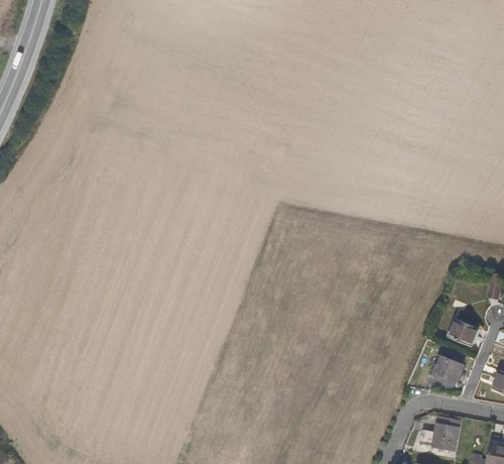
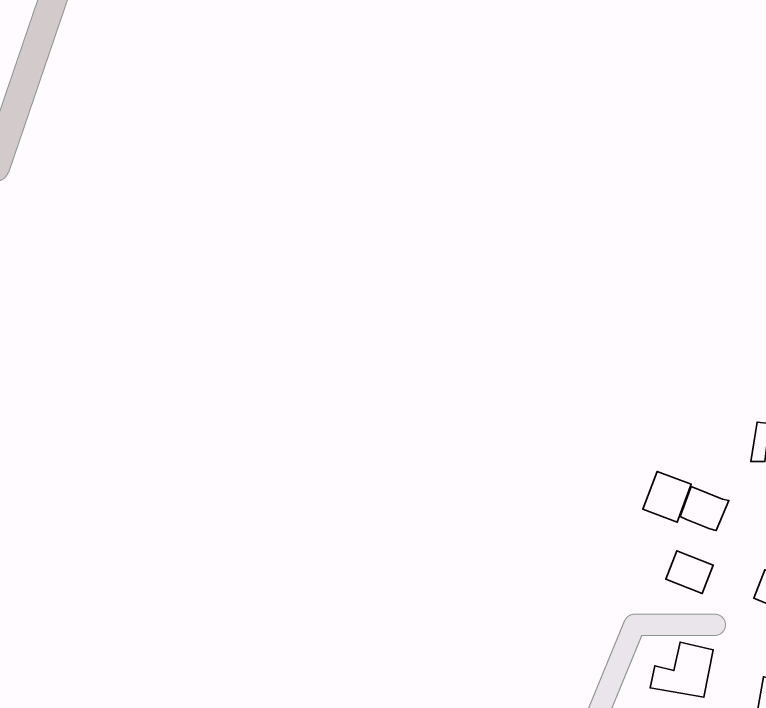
building: none -> [643,471,691,522]

